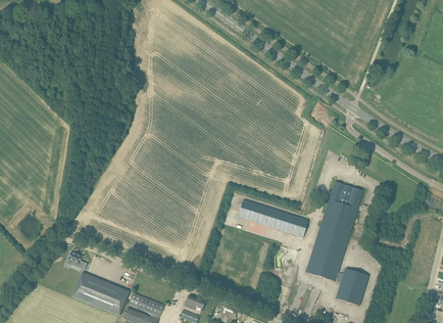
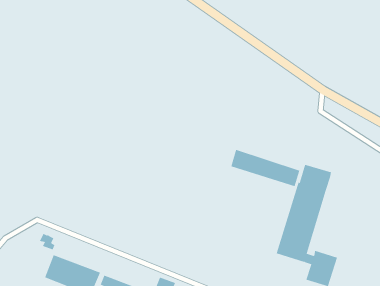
building: [238,199,308,237] -> [230,149,300,187]

